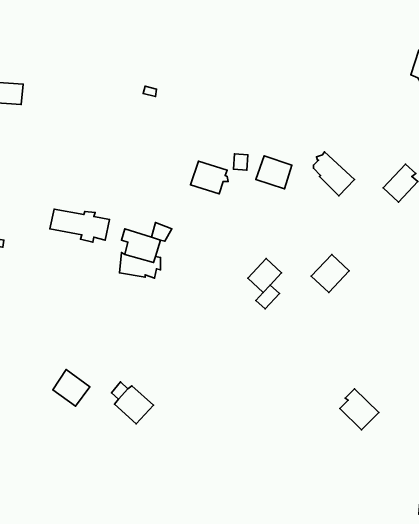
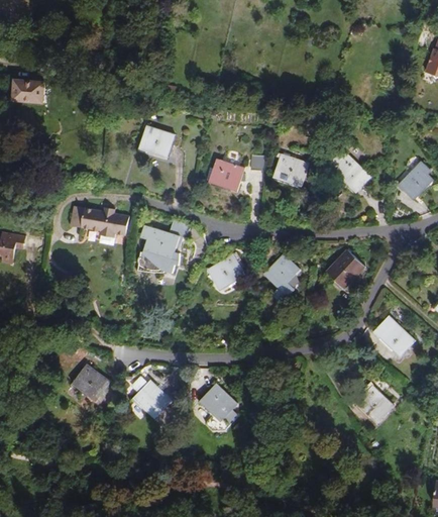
building: none -> [138,125,174,158]
building: none -> [207,254,245,290]
building: none -> [380,322,414,355]
building: none -> [200,384,238,431]

